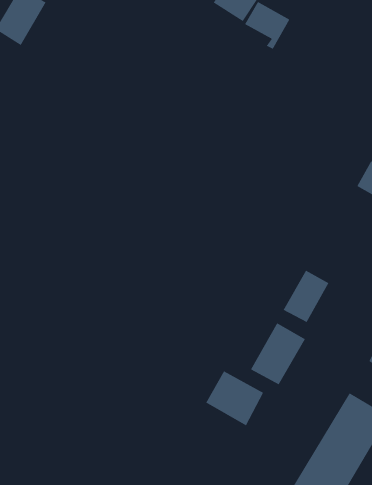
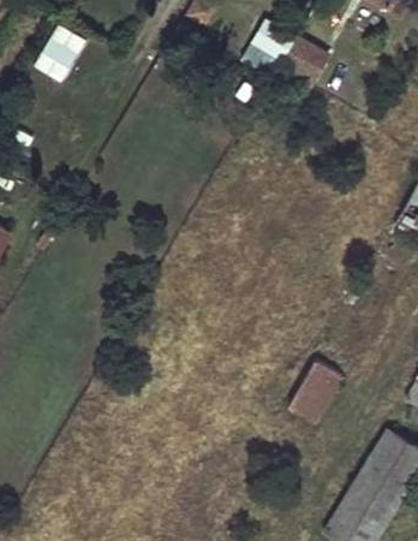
building: [283,270,329,323] -> none
building: [205,370,264,426] -> none

